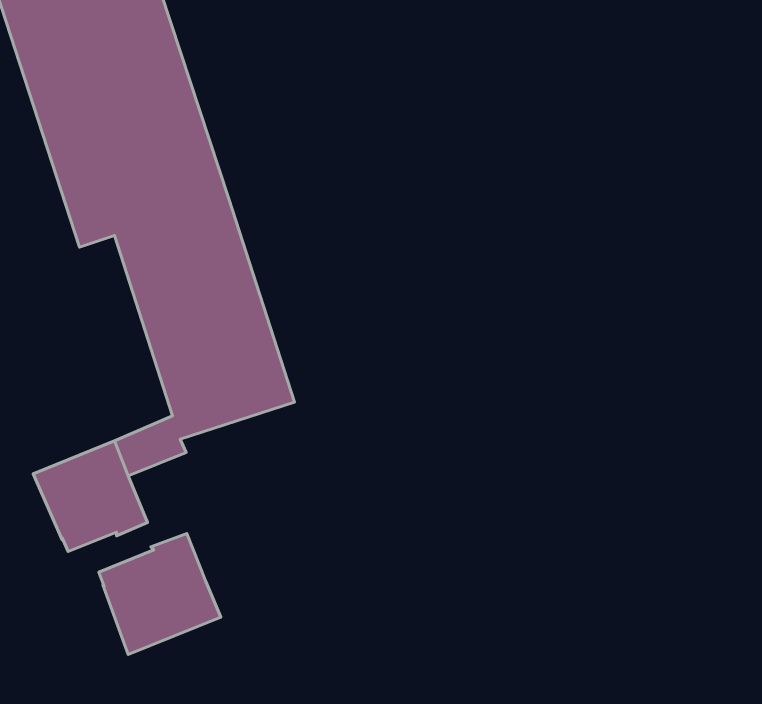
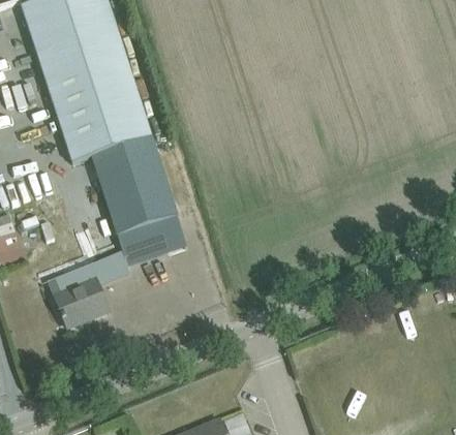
building: [99,533,221,655] -> none

